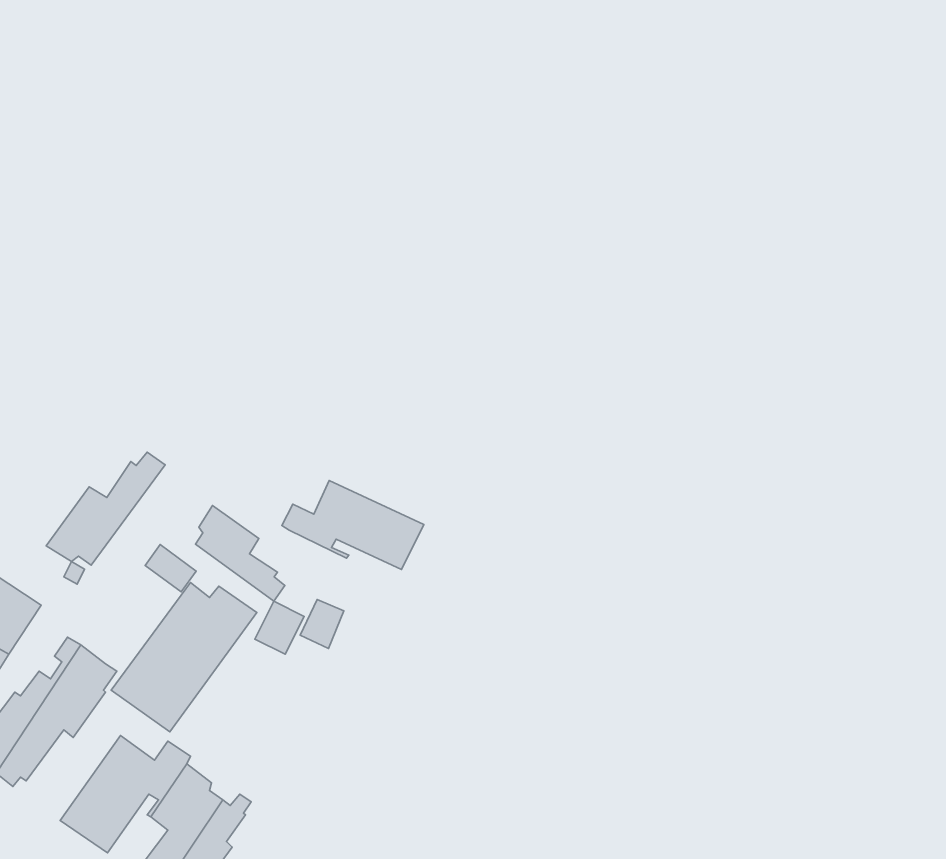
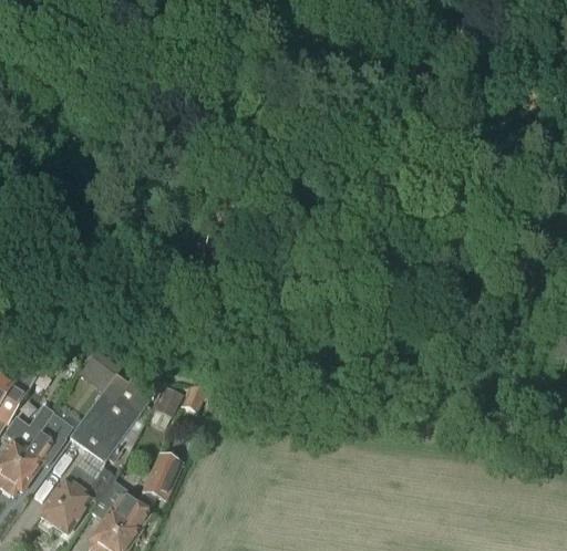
building: [46,452,165,565] -> none
building: [282,480,424,570] -> none
building: [195,505,285,601] -> none
building: none -> [134,453,176,505]

